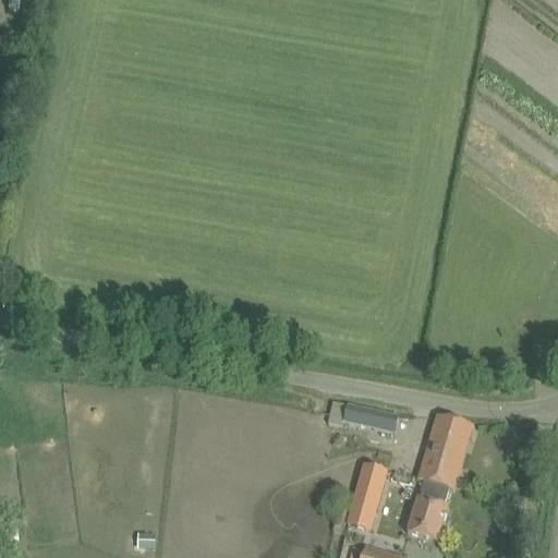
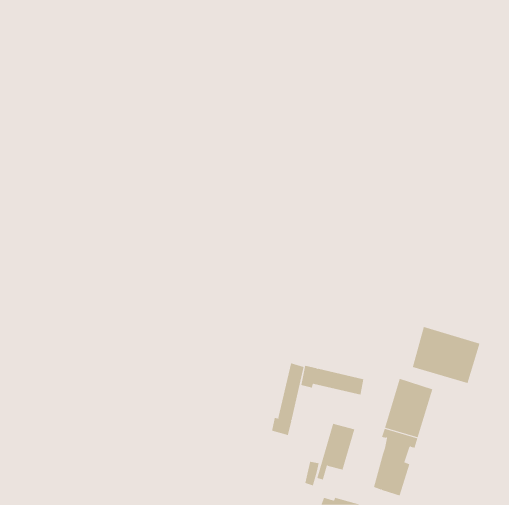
building: none -> [412,326,480,384]
building: none -> [272,363,304,436]

